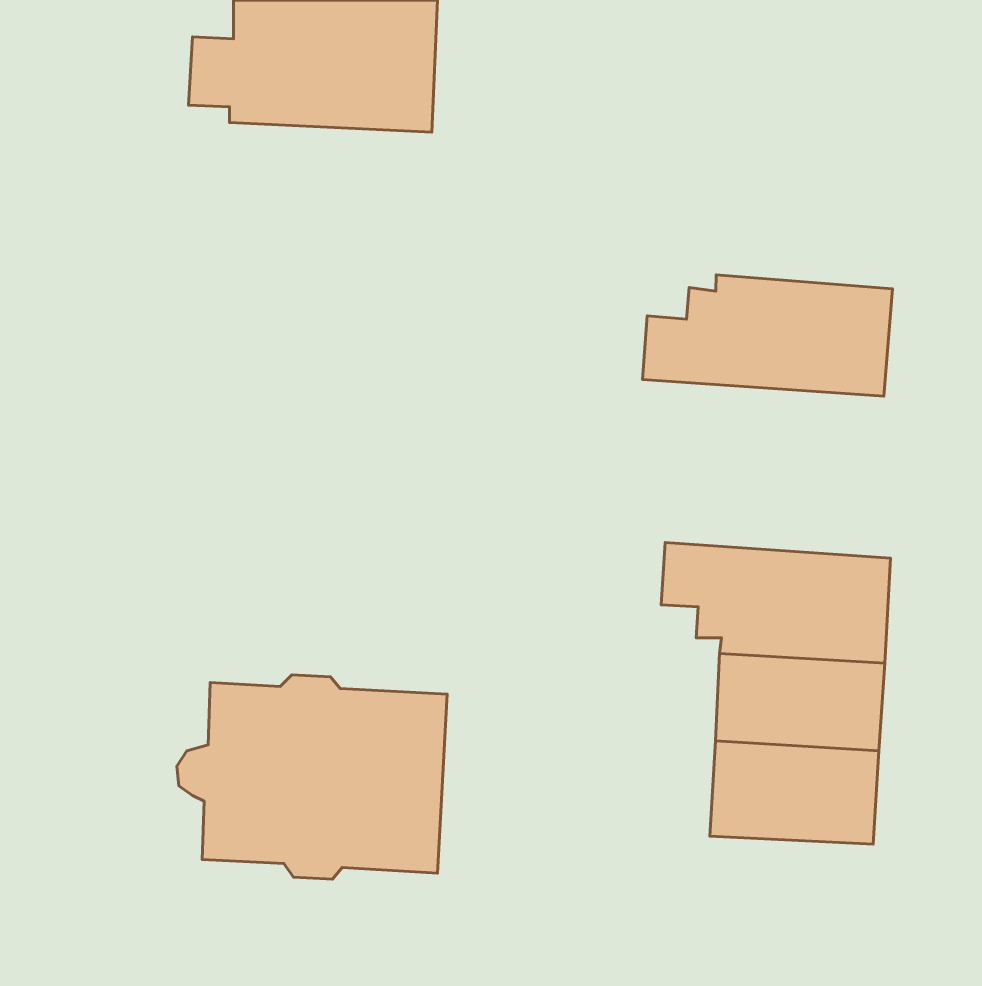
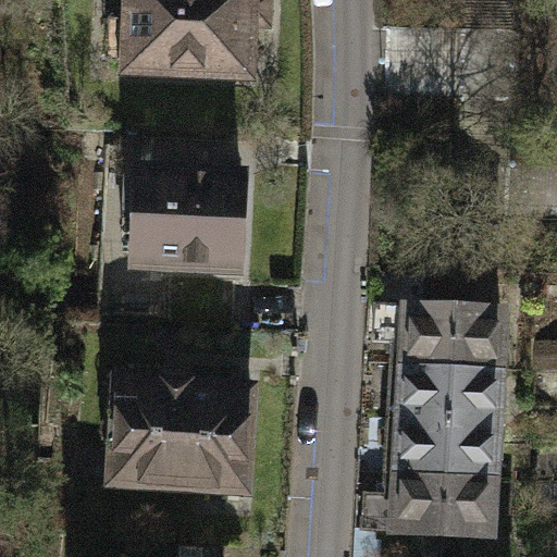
building: [642,275,893,396] -> none
building: none -> [129,178,245,270]
building: none -> [369,472,495,537]

